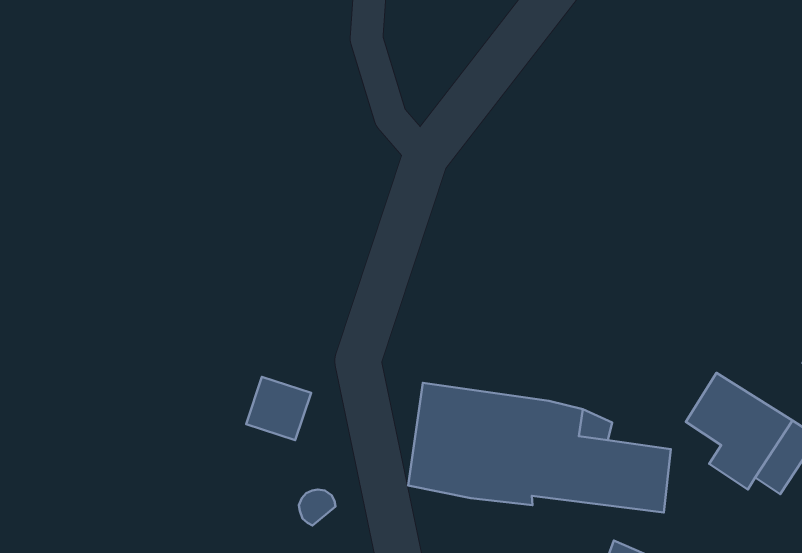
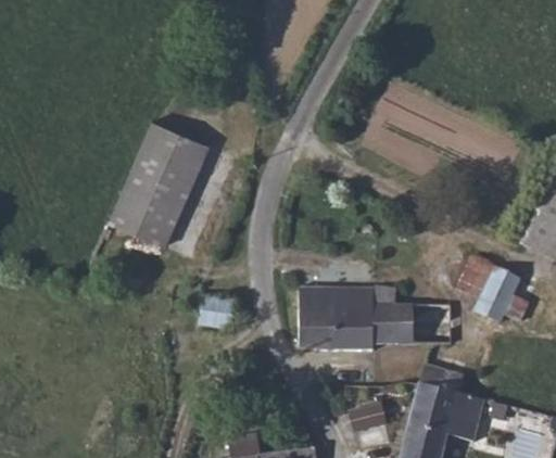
building: none -> [110,122,207,245]

